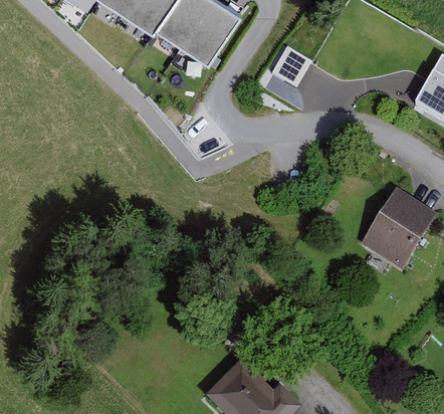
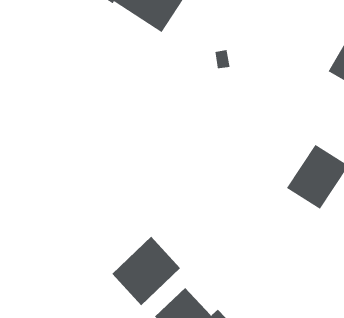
building: none -> [111,236,181,306]

